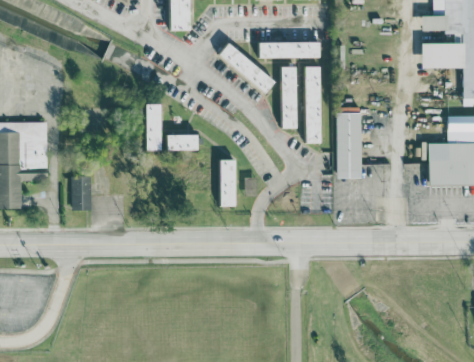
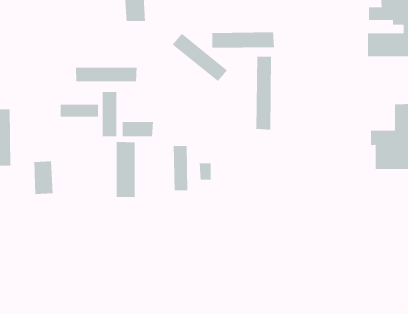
building: [280,66,296,128] -> none
building: none -> [76,67,137,82]
building: [337,112,363,178] -> none
building: none -> [60,104,98,118]
building: none -> [116,141,135,198]

